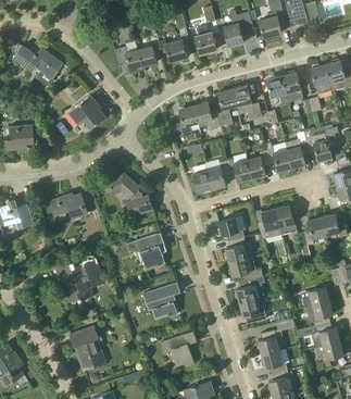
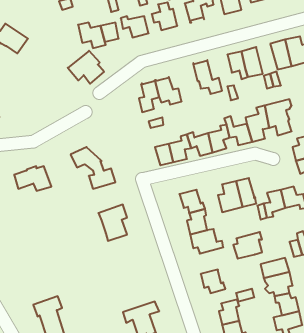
building: [217,89,237,127] -> none
building: [68,96,105,129] -> [68,51,104,84]
building: [62,255,105,304] -> none
building: [236,276,265,303] -> [233,232,262,259]
building: [143,283,180,319] -> none

